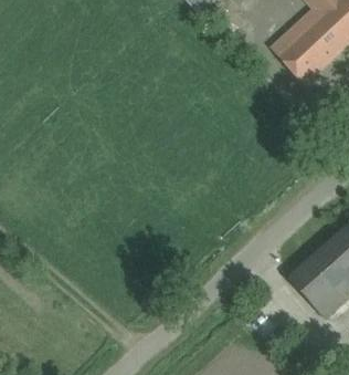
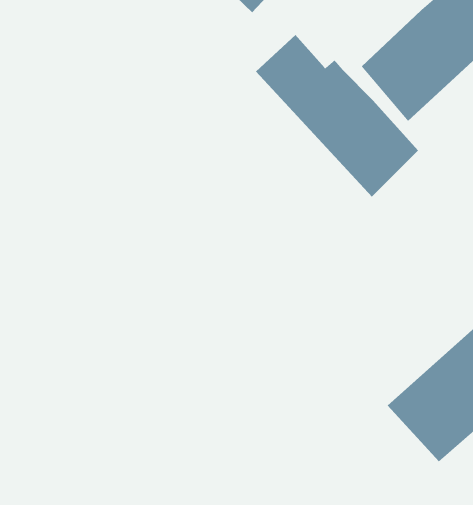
building: none -> [255,34,419,197]

